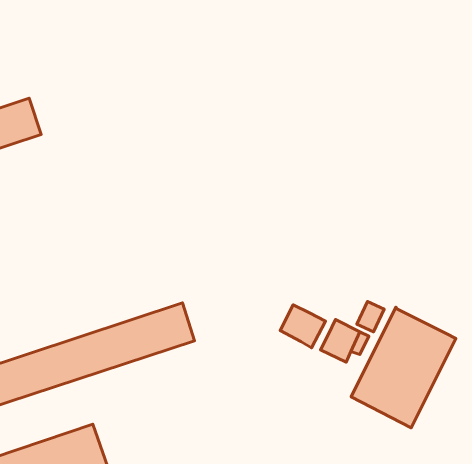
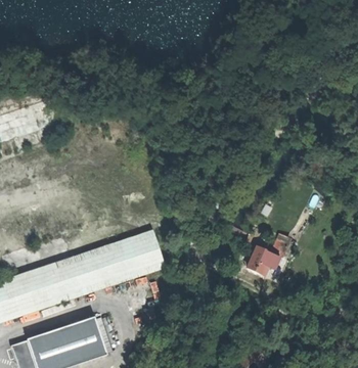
building: [280,305,326,348] -> none
building: [351,307,456,428] -> none

